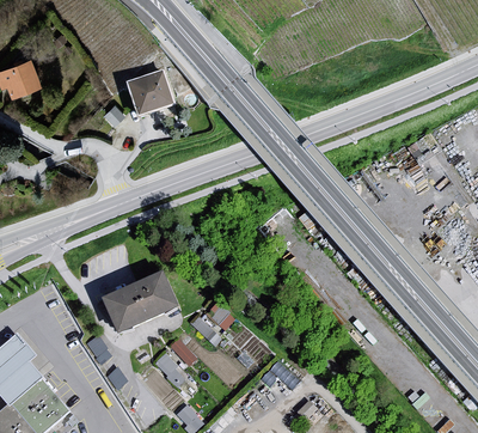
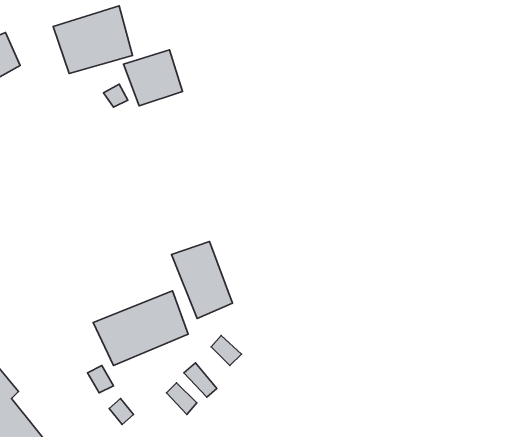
building: none -> [53,6,132,73]
building: none -> [171,242,233,318]

